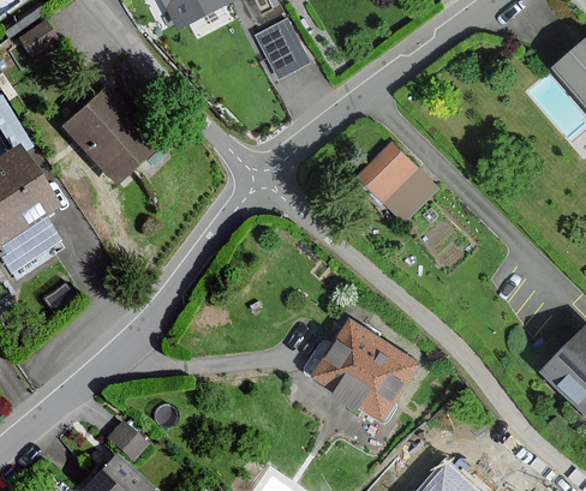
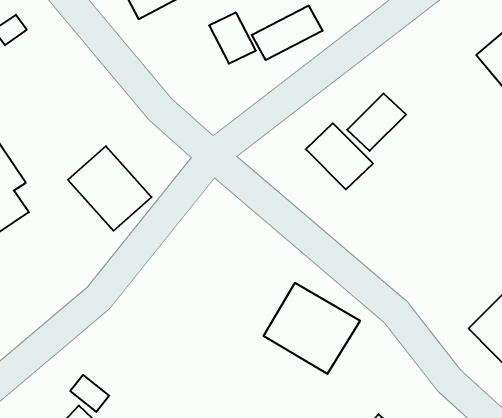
building: none -> [252,6,323,60]
building: [62,89,155,182] -> [68,146,152,231]
building: none -> [347,93,406,151]

